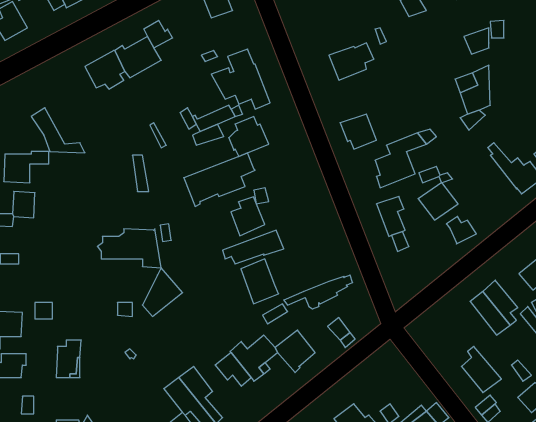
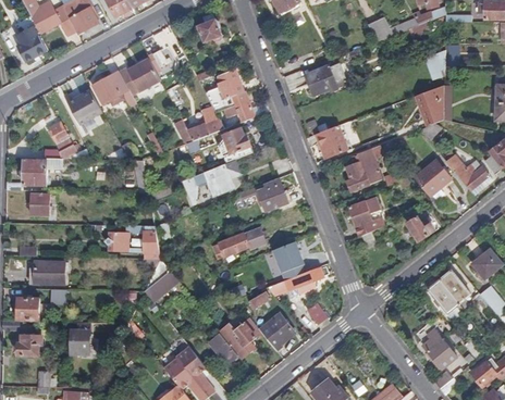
building: none -> [69,89,103,124]
building: [418,183,458,220] -> [417,162,452,195]
building: [231,197,265,236] -> [258,178,287,212]
building: [241,259,279,304] -> [273,241,306,280]
building: none -> [30,262,64,284]

